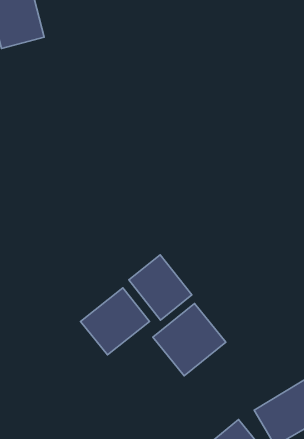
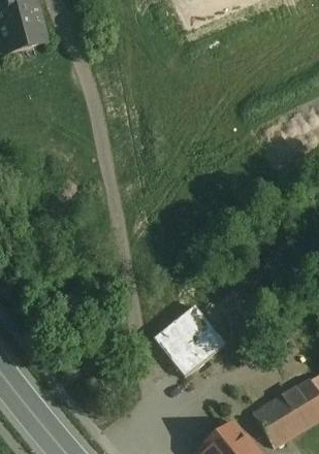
building: [129,255,192,320] -> none
building: [81,288,150,355] -> none

